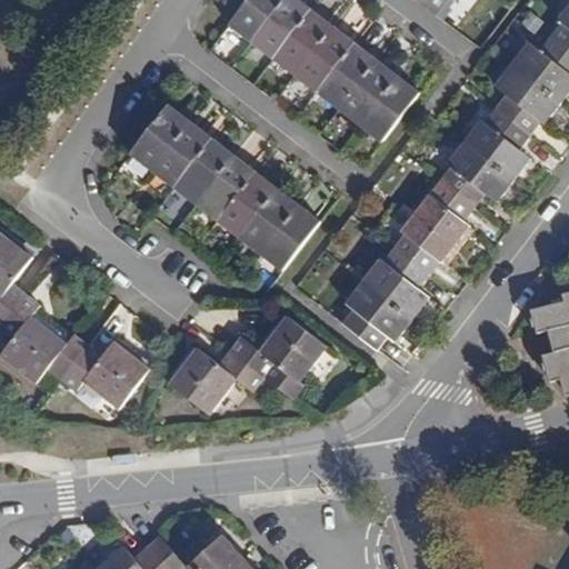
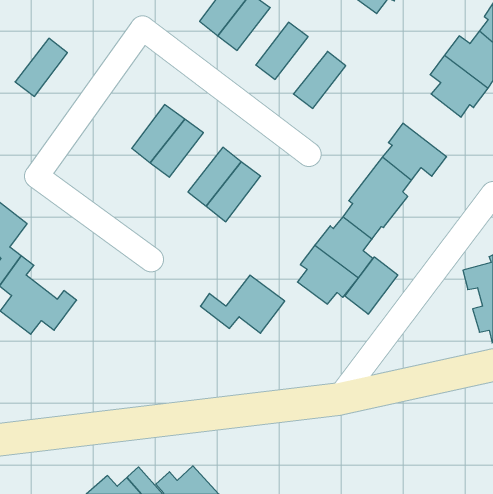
building: [272,9,331,74] -> none
building: [316,42,376,108] -> none
building: [359,76,418,142] -> none
building: [129,103,189,170] -> [15,38,67,96]
building: [462,108,530,180] -> none
building: [194,152,256,220] -> none
building: [259,202,321,271] -> none
building: none -> [345,257,398,314]
building: [62,341,149,409] -> none
building: [169,348,263,415] -> none

